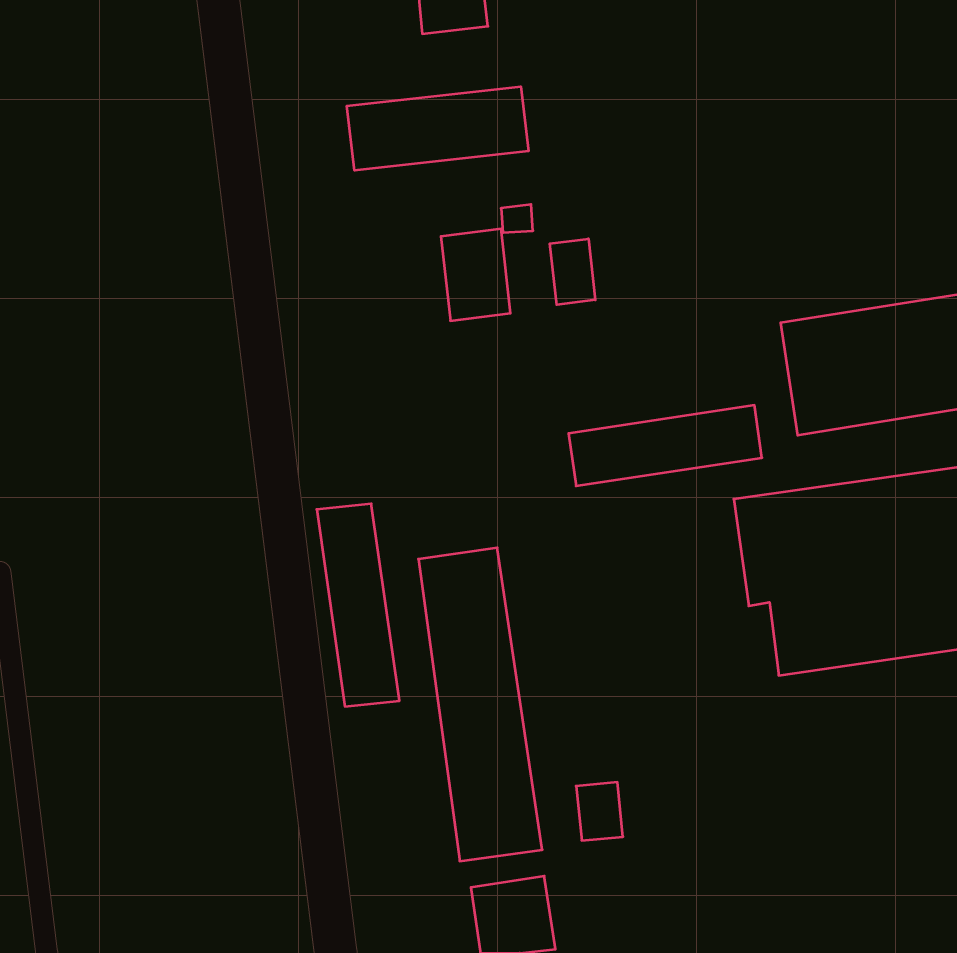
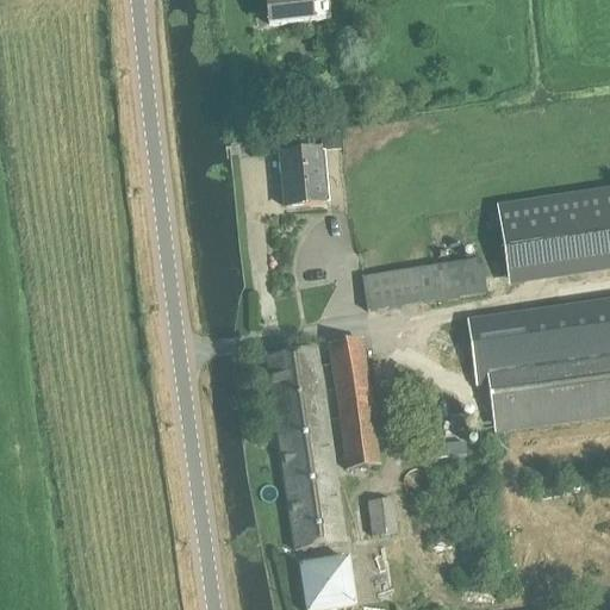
building: [347,87,528,170] -> none
building: [550,239,595,305] -> none
building: [317,504,399,706] -> [328,338,380,467]

